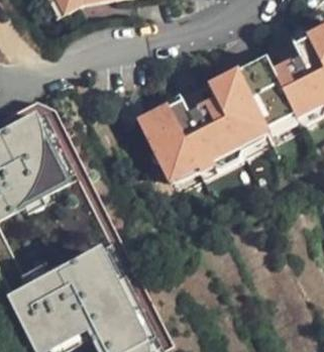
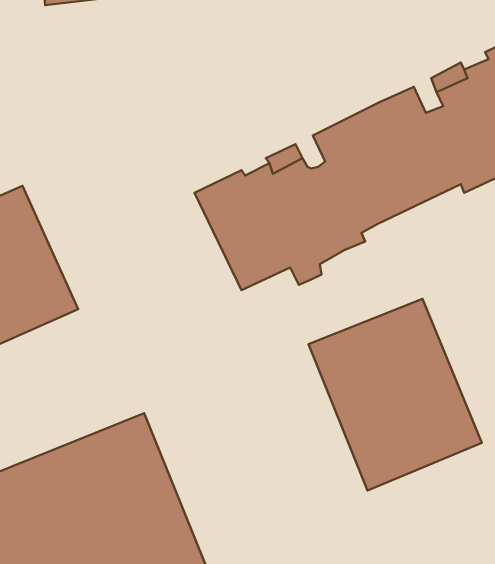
building: none -> [308,299,482,491]

